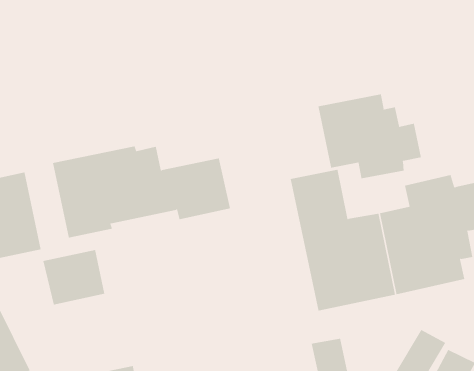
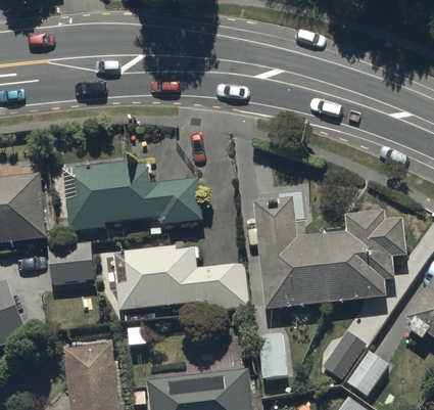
building: [318,94,421,179] -> none
building: none -> [113,245,249,311]

